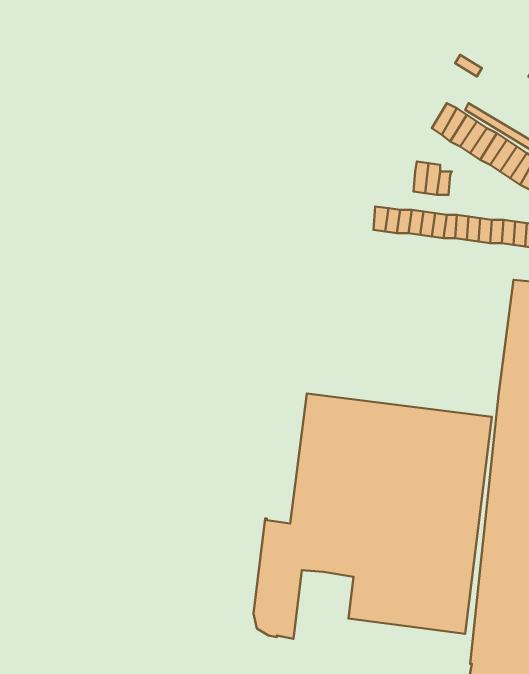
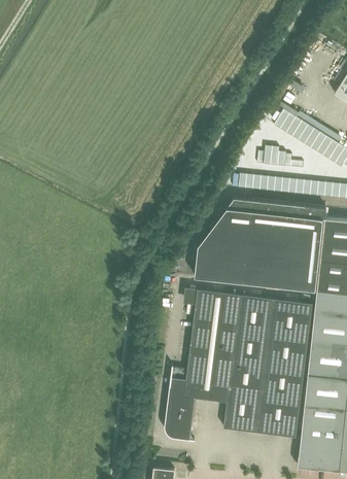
building: none -> [195,199,325,290]

